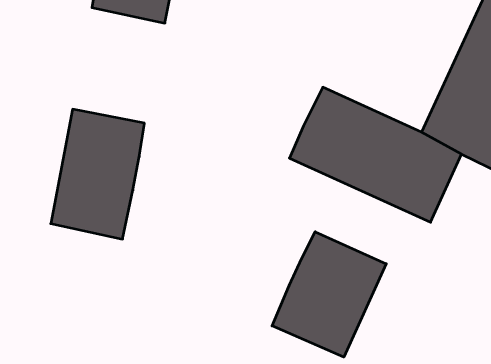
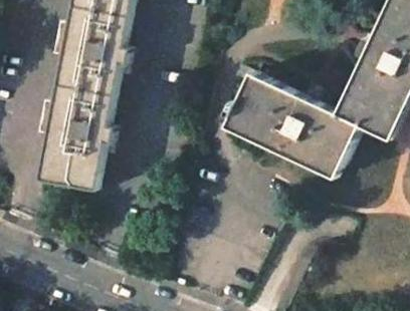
building: none -> [57,11,130,101]
building: [272,232,386,357] -> none

